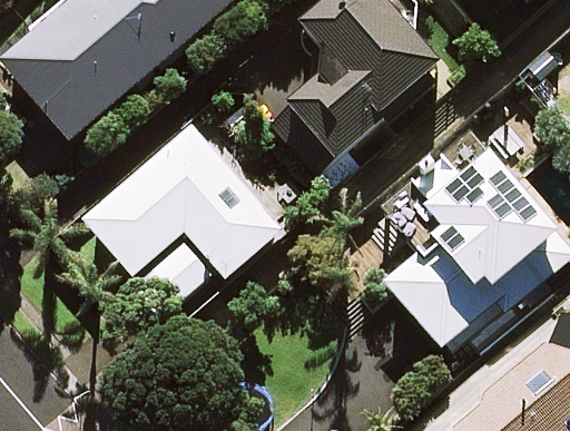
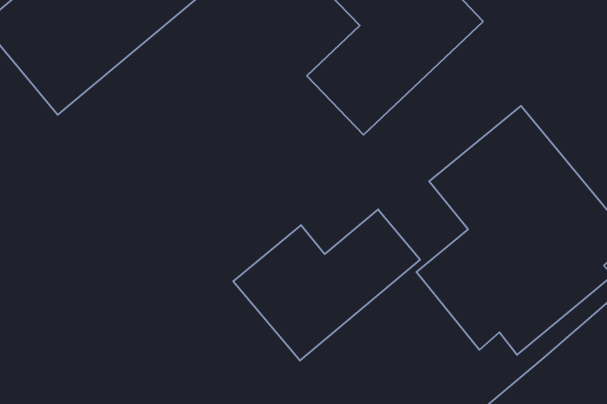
building: [83,124,279,275] -> none
building: none -> [233,209,420,361]

